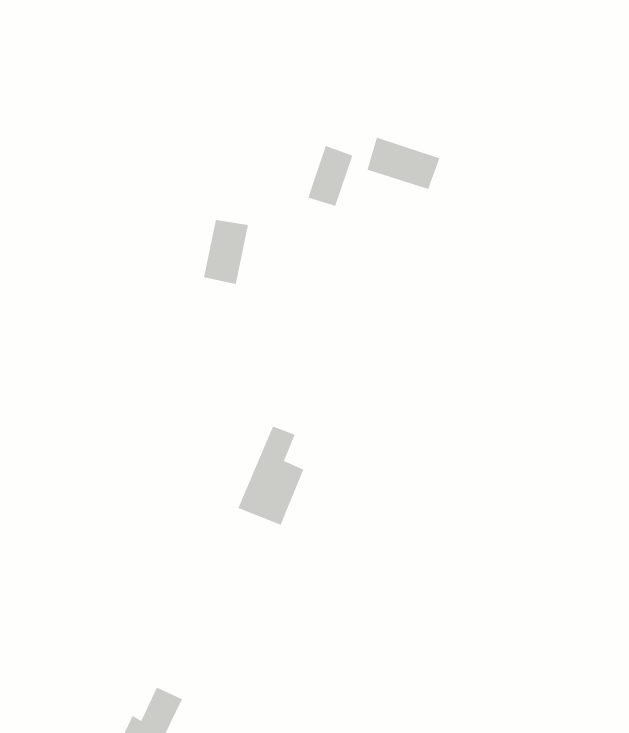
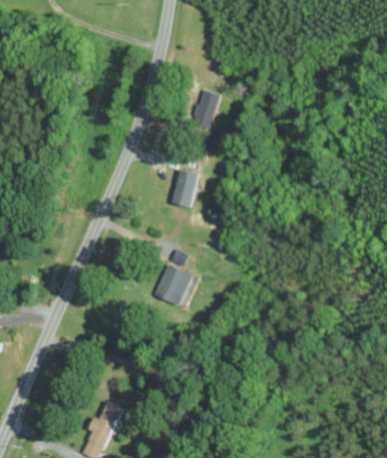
building: [367,137,440,190] -> none
building: [203,220,249,285] -> [171,170,198,207]

